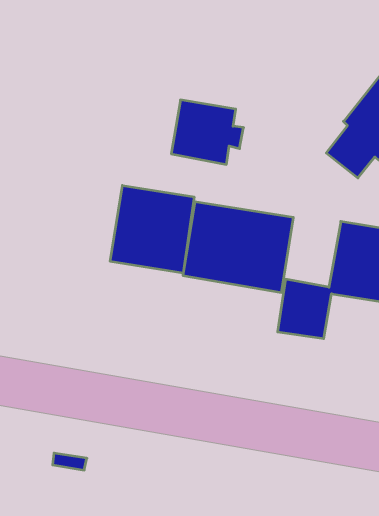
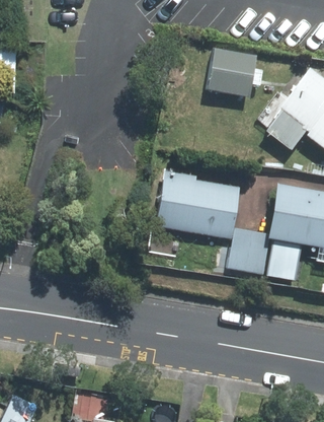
building: [171,100,244,164] -> [208,48,263,97]
building: [110,185,194,273] -> none

